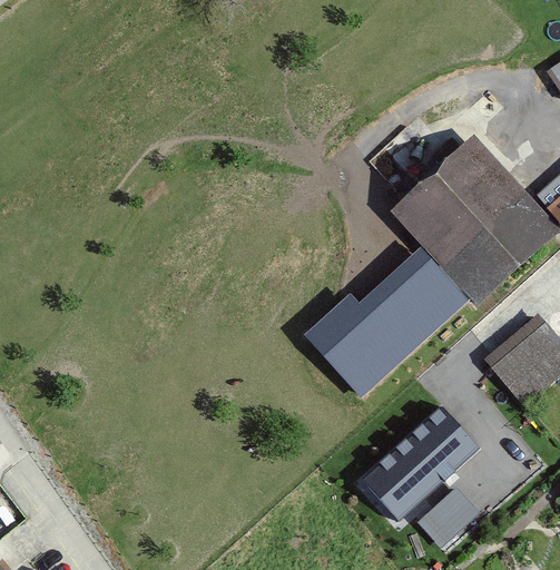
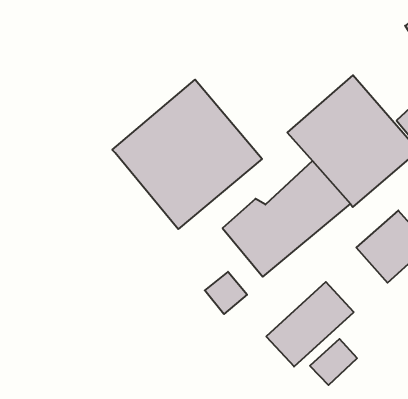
building: none -> [112,80,262,229]
building: none -> [205,272,247,314]

